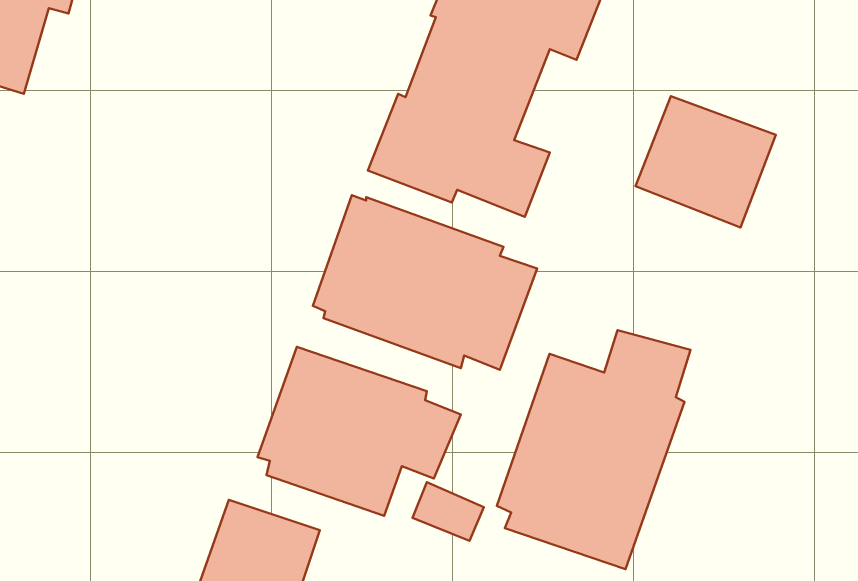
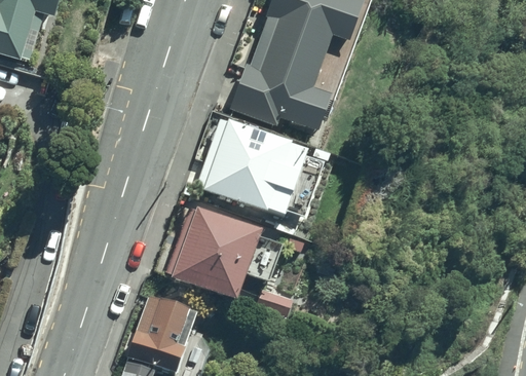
building: [636,96,776,227] -> none
building: [497,330,690,569] -> none

